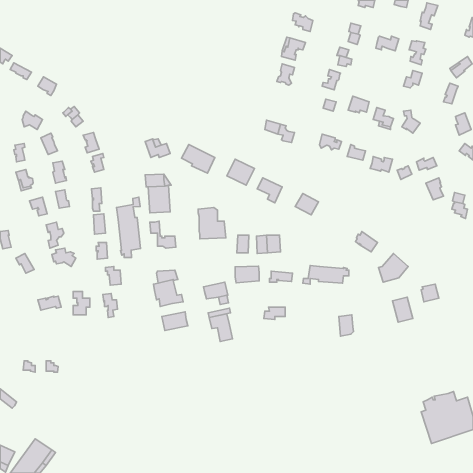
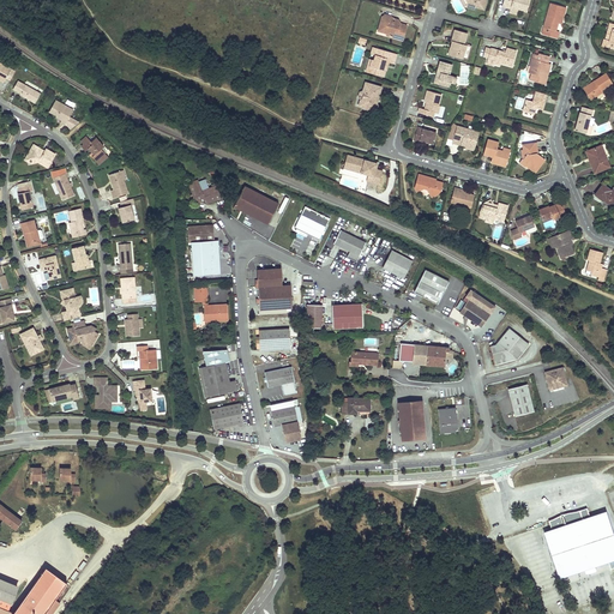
building: [116,197,141,258] -> none
building: none -> [414,270,450,305]
building: [235,266,259,283] -> [259,329,290,350]
building: none -> [399,401,427,441]

